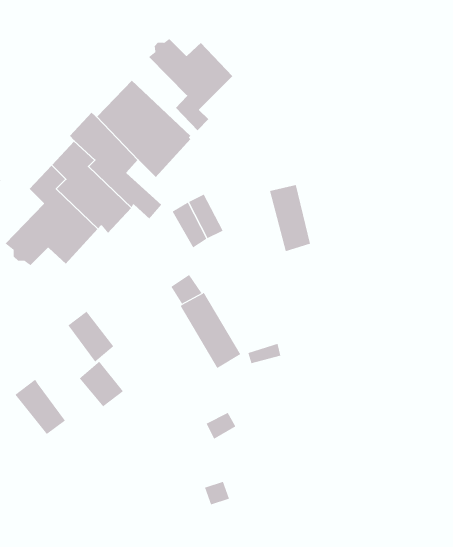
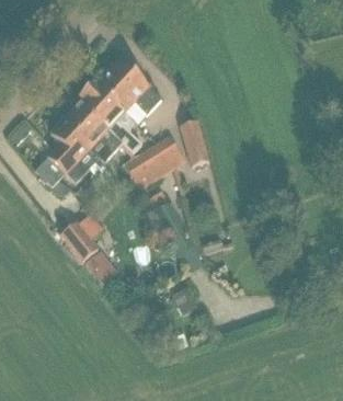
building: [148,38,233,131] -> none
building: [269,184,311,252] -> [179,122,207,168]
building: none -> [124,148,161,186]
building: [14,379,66,435] -> [59,222,94,261]

